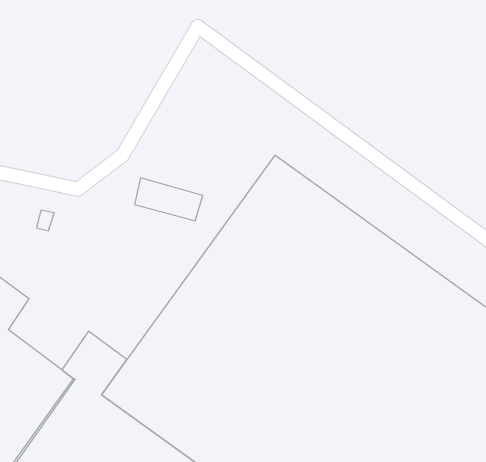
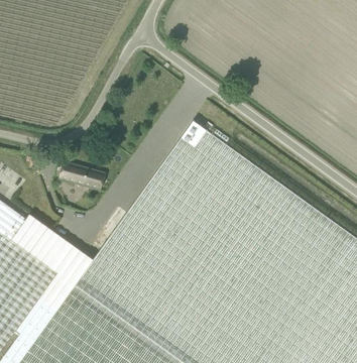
building: [135,178,203,221] -> [58,161,105,191]
building: none -> [11,215,66,267]

